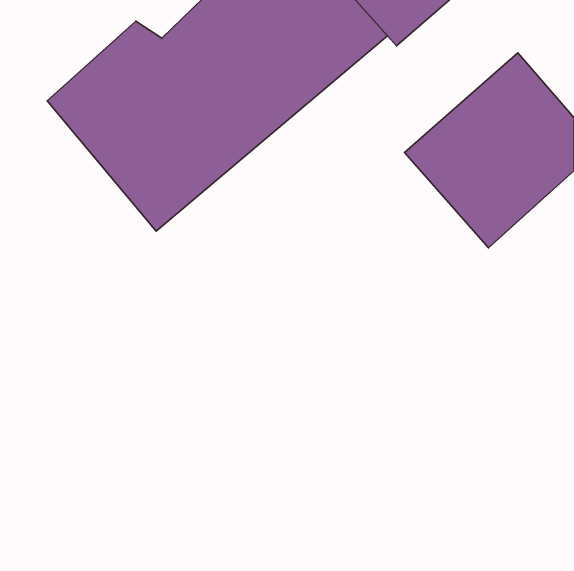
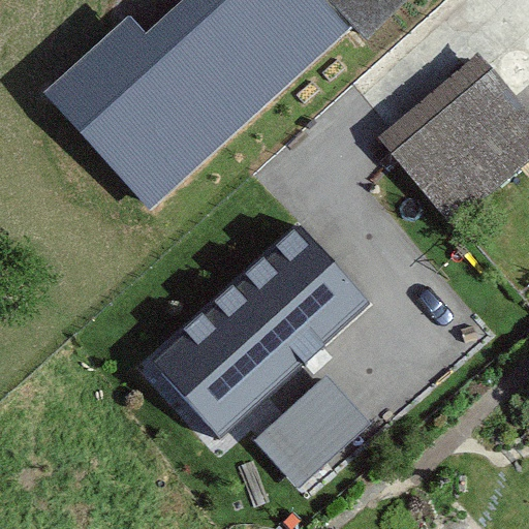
building: none -> [151,225,367,434]
building: none -> [258,366,375,479]

